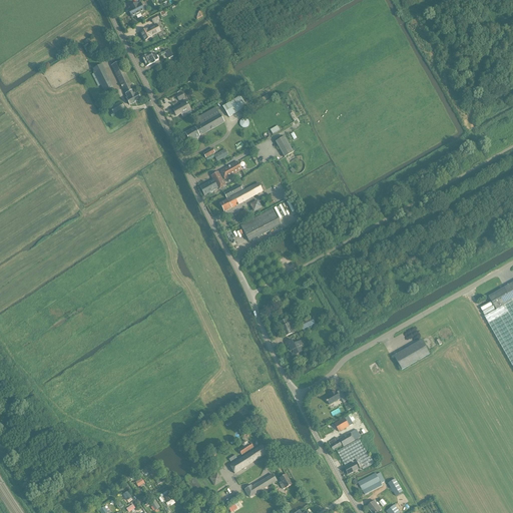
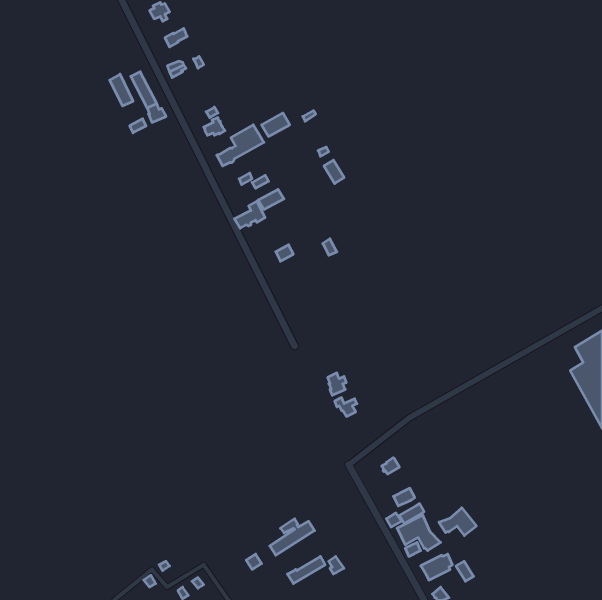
building: [219,182,263,211] -> none
building: [240,208,281,240] -> none
building: [394,340,429,369] -> none
building: none -> [439,508,476,536]

